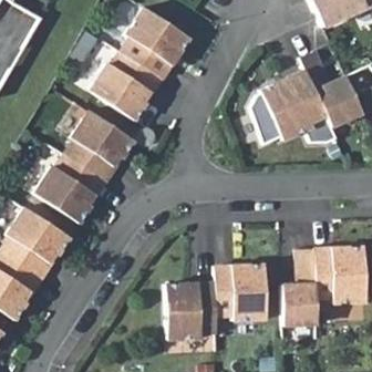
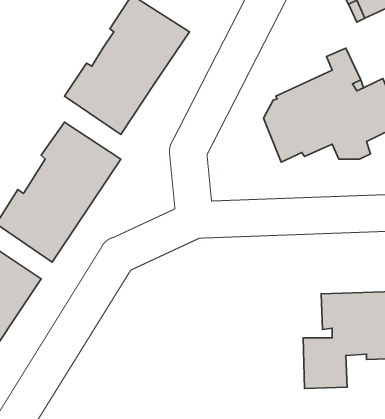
building: [166,265,267,339] -> none

